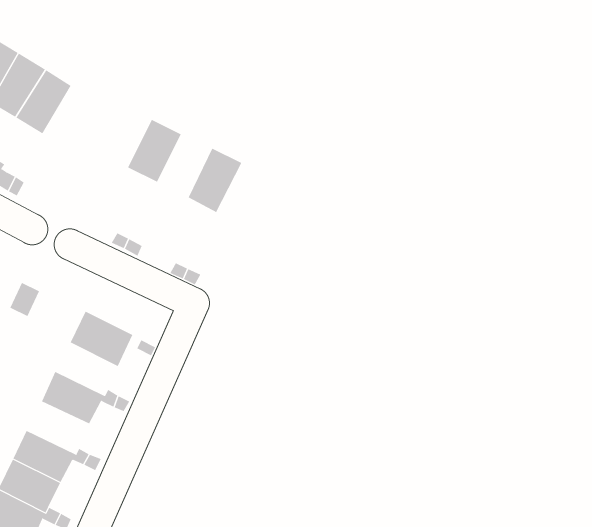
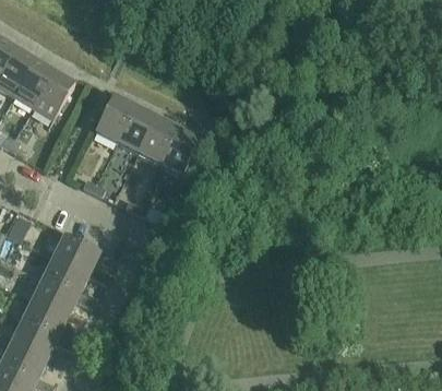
building: none -> [33,71,74,118]
building: none -> [116,106,155,152]
building: none -> [158,127,199,174]
building: none -> [41,257,87,295]
building: none -> [21,299,67,337]

